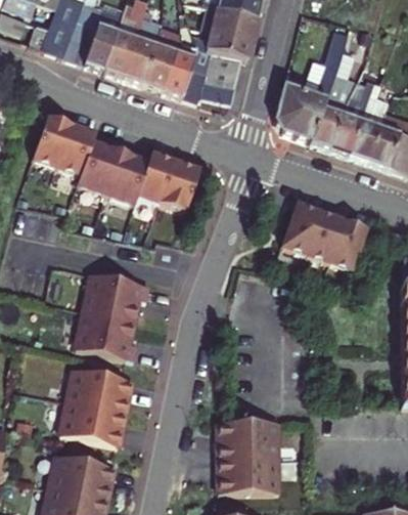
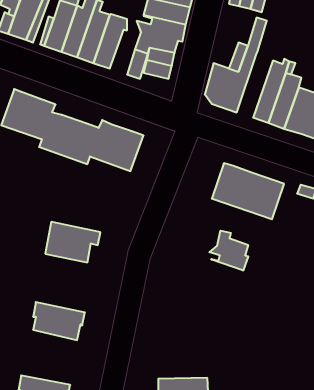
building: [162,41,198,97] -> none
building: [312,73,355,148] -> none
building: none -> [209,231,248,271]
building: [77,310,138,359] -> none
building: [60,400,123,445] -> none
building: [219,421,277,459] -> none

